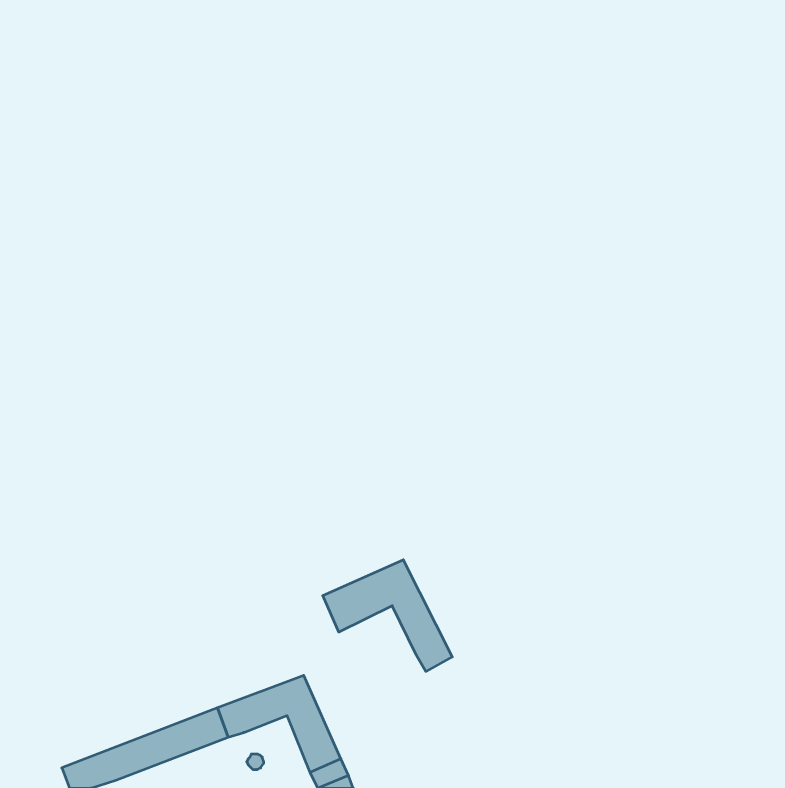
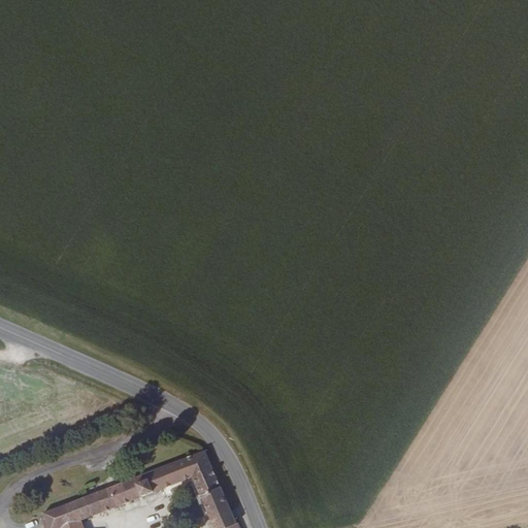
building: [323,560,452,671] -> none

